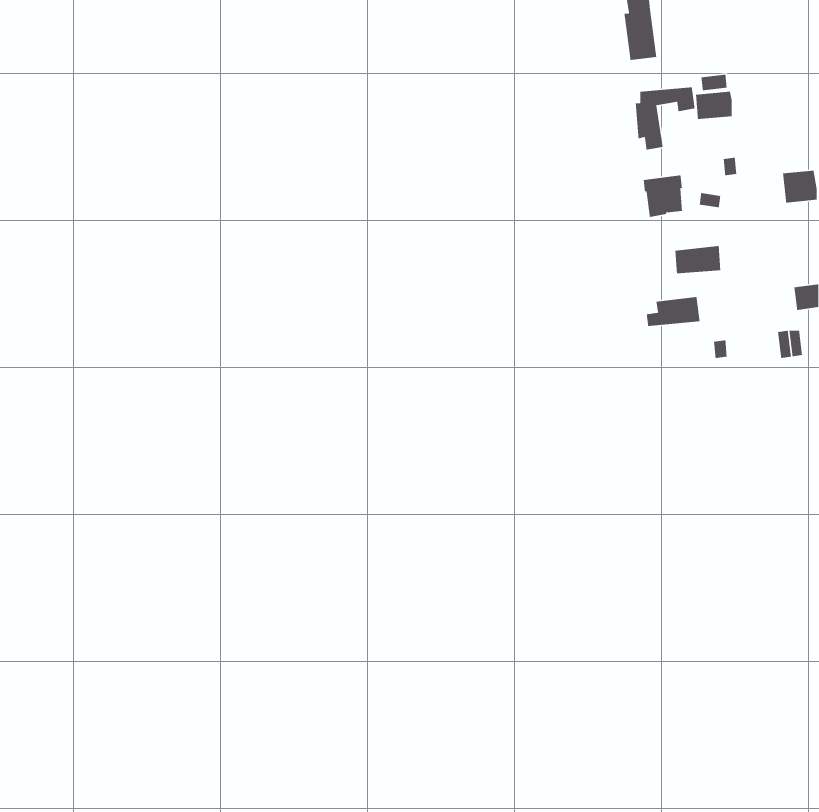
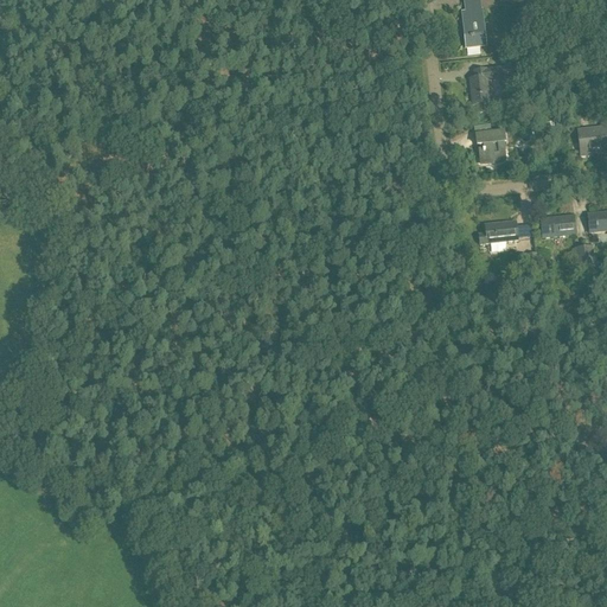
building: [695,91,733,120] -> none
building: [675,245,721,274] -> [541,213,575,235]

